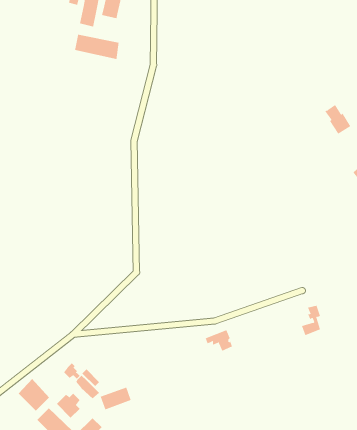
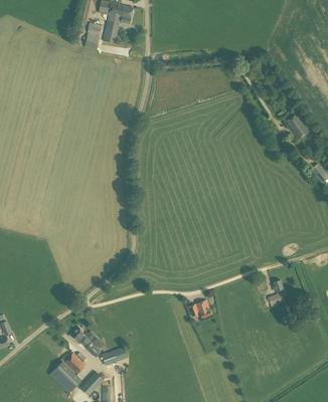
building: [75,34,119,60] -> none
building: [18,378,50,412] -> none

